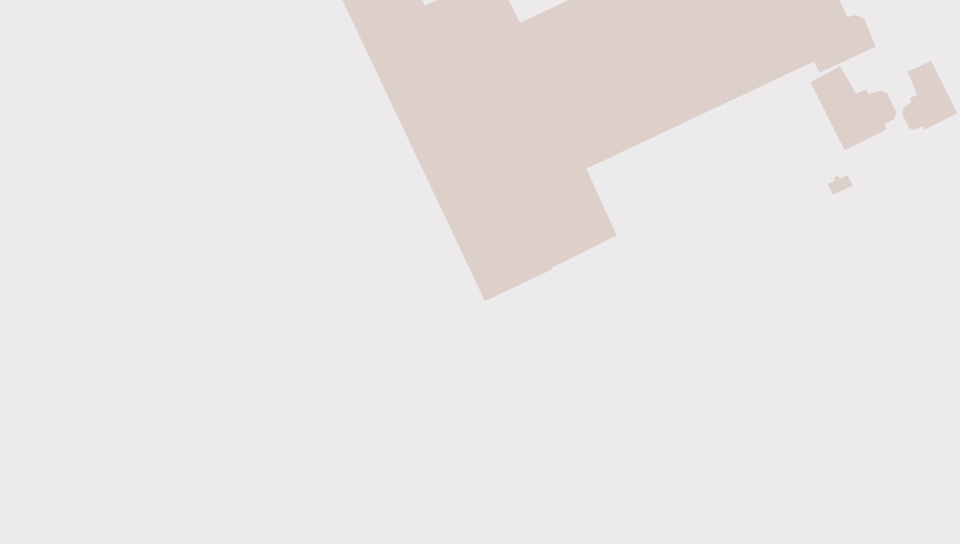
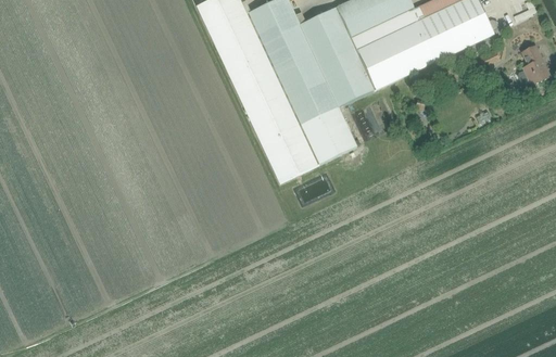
building: [810,65,897,151] -> none

